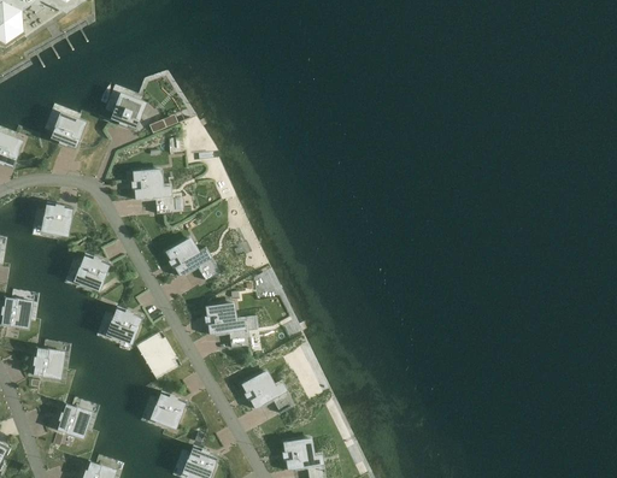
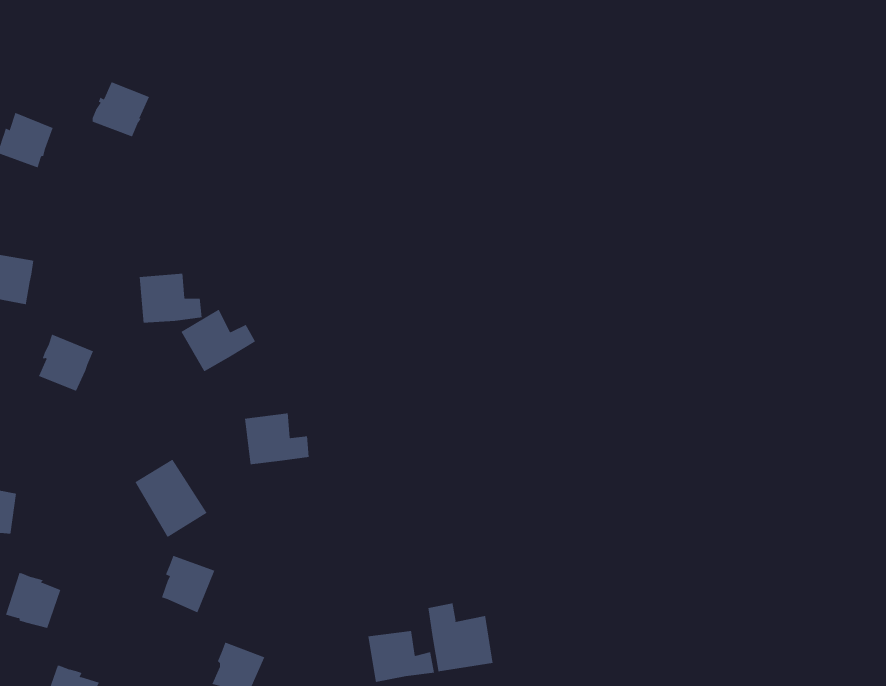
building: [131,169,171,200] -> [139,273,202,323]
building: [107,306,141,342] -> none
building: [240,371,286,409] -> none
building: none -> [428,603,493,672]

